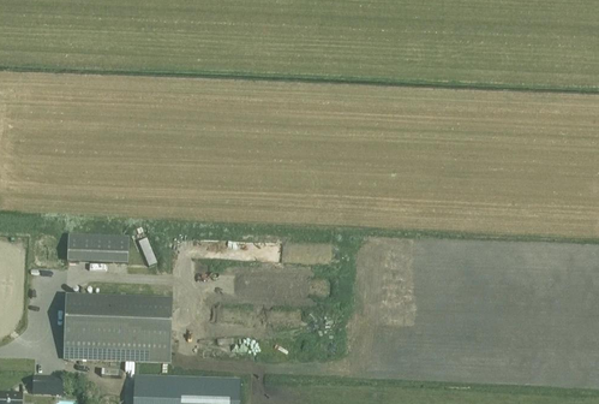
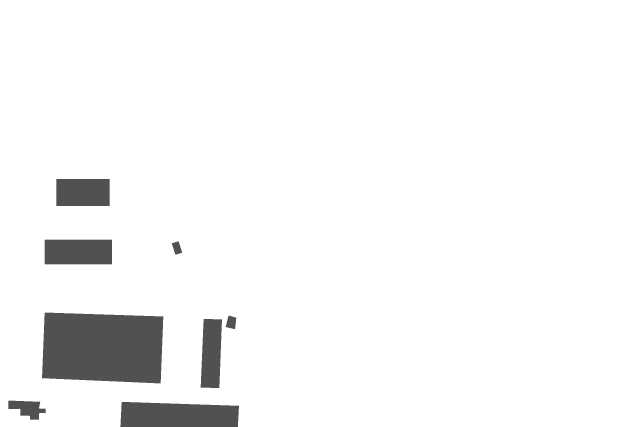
building: none -> [56,178,110,207]
building: none -> [200,318,223,389]

